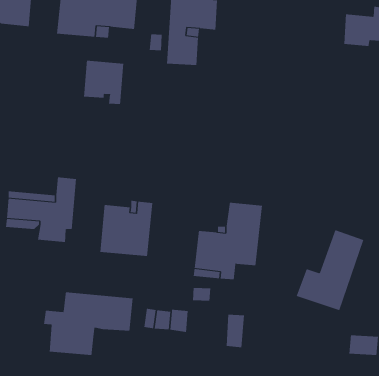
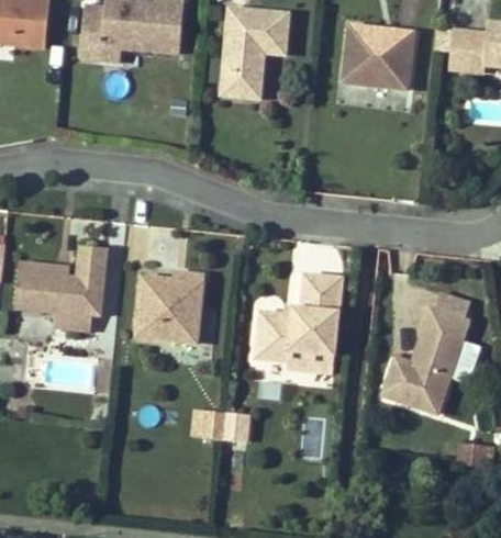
building: none -> [339,26,412,90]
building: [83,60,124,105] -> none
building: [43,292,133,356] -> none

